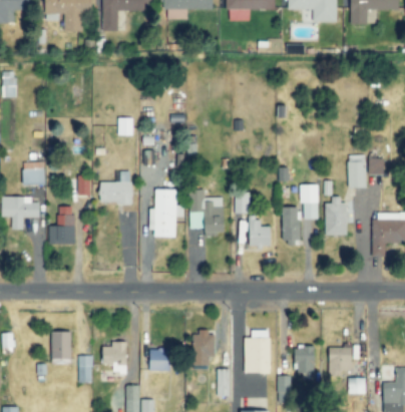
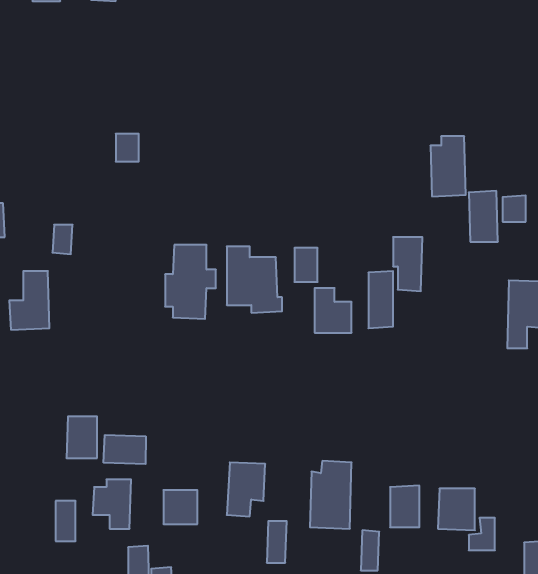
building: [99,171,131,204] -> none
building: [323,196,346,236] -> [430,136,466,196]
building: none -> [104,435,146,464]
building: [51,332,71,359] -> [66,416,97,458]

